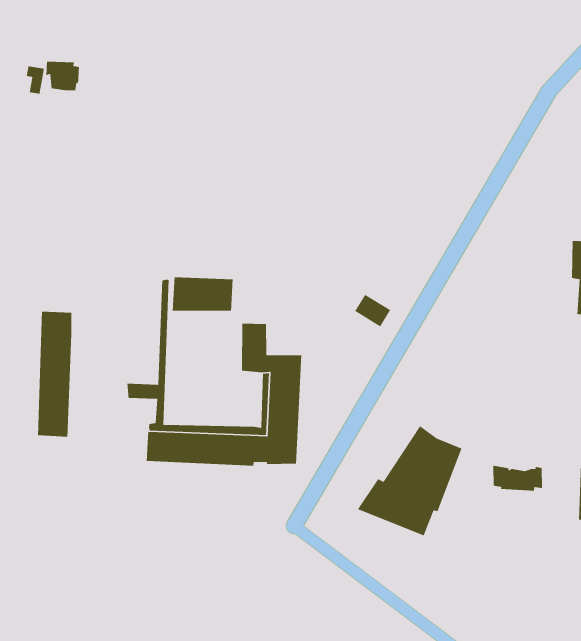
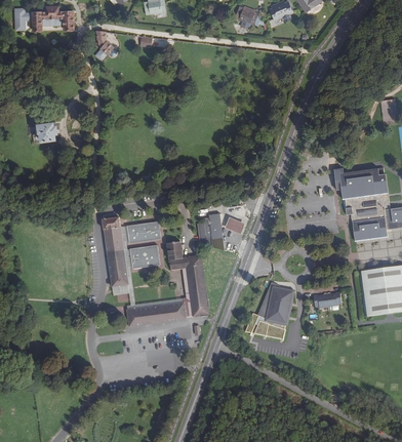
building: none -> [197,213,224,250]
building: [37,311,72,437] -> [102,216,127,285]
building: none -> [129,244,159,268]

